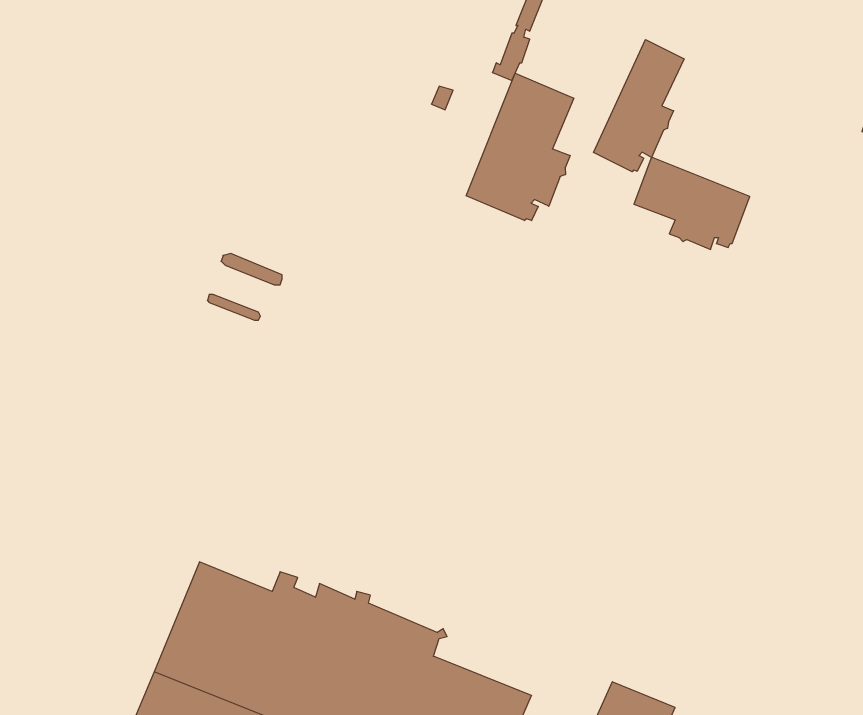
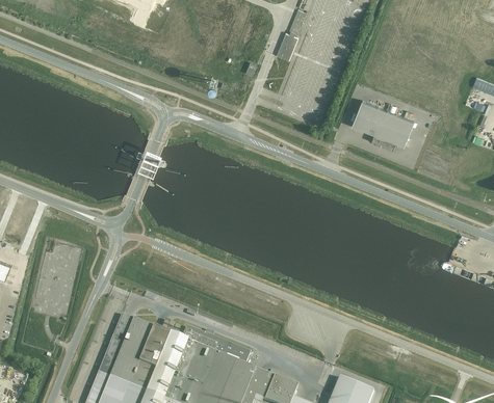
building: [593,40,684,172] -> none
building: [466,73,574,221] -> none

